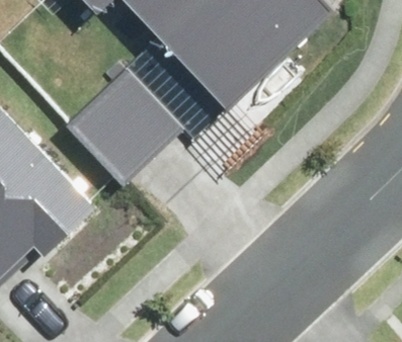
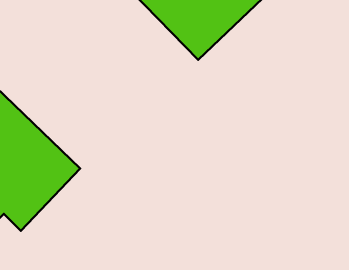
building: [72,67,184,178] -> none

